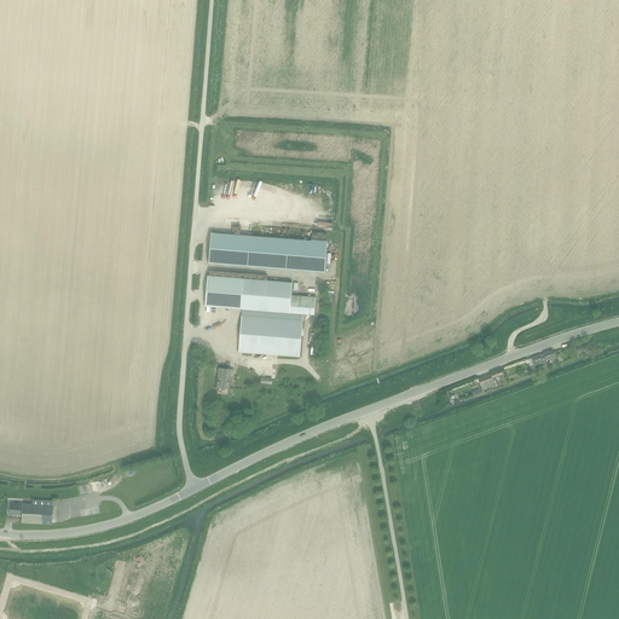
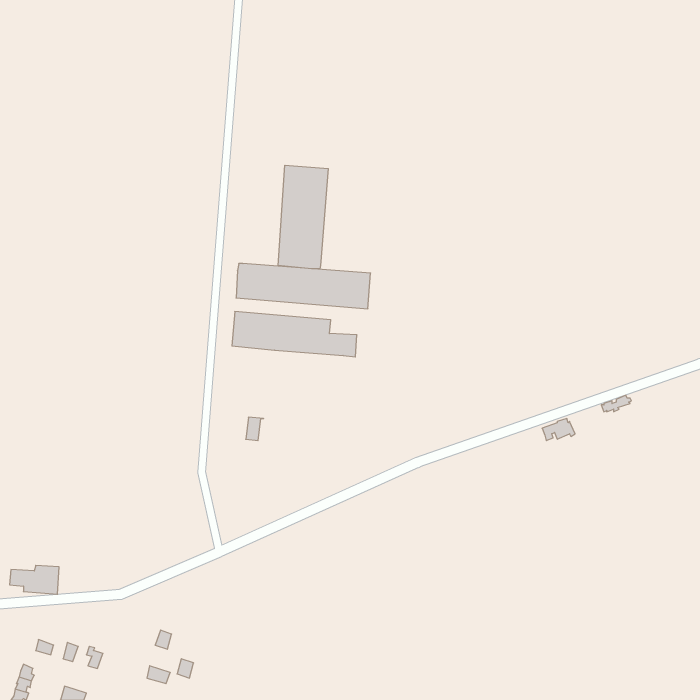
building: none -> [278,165,328,269]
building: [238,308,302,355] -> none

